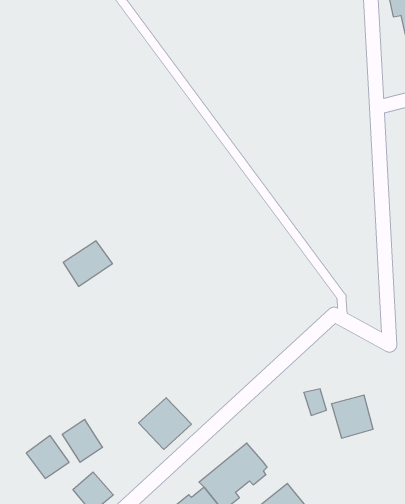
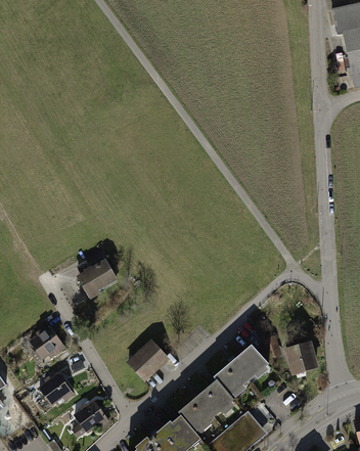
building: [63,241,112,286] -> [78,264,118,301]
building: none -> [213,346,268,396]
building: [62,419,103,462] -> [32,327,64,362]

